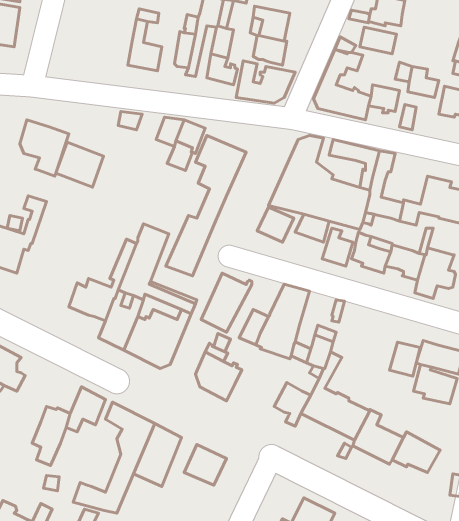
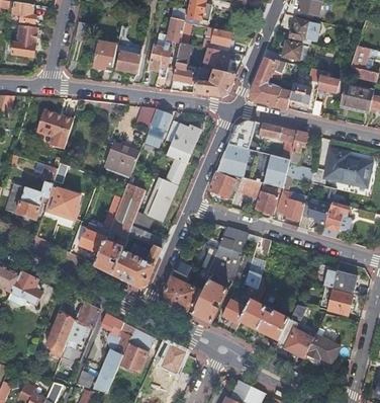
building: none -> [93,41,116,71]
building: [56,142,104,187] -> [104,142,138,174]
building: none -> [53,187,80,213]
building: [201,273,252,332] -> [192,279,228,322]
building: [390,342,420,376] -> none

